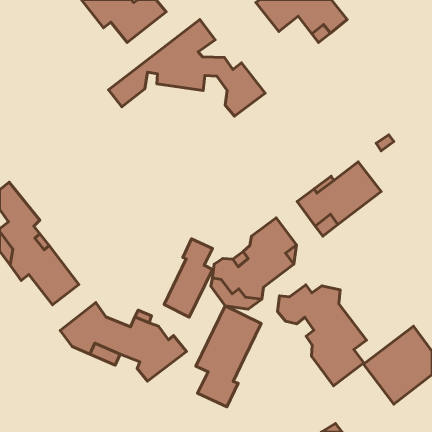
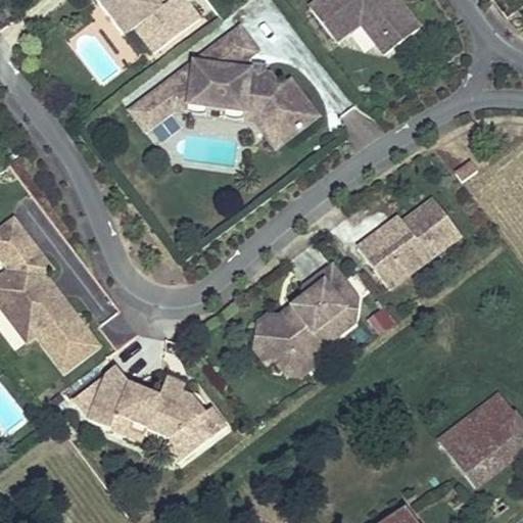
building: none -> [175,87,283,145]
building: [164,239,213,317] -> none
building: [278,285,366,386] -> none
building: [196,306,261,407] -> none

